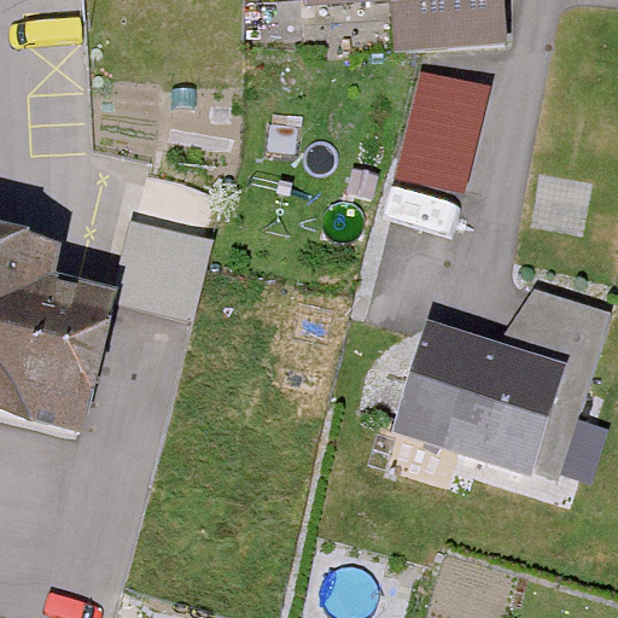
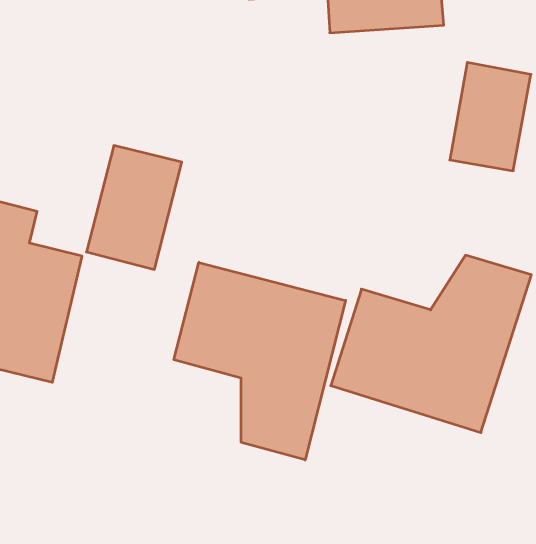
building: [400,63,489,182] -> [450,62,531,171]
building: none -> [174,262,346,460]

